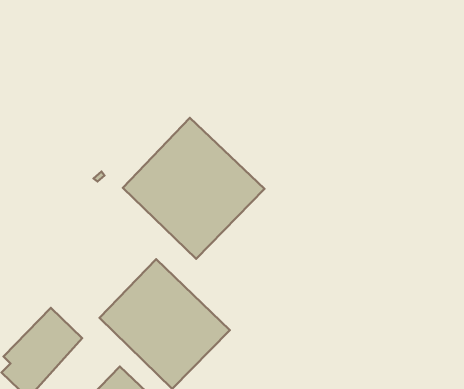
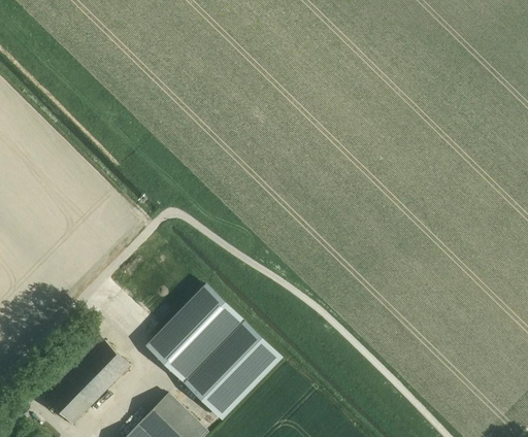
building: [123,118,264,259] -> none

